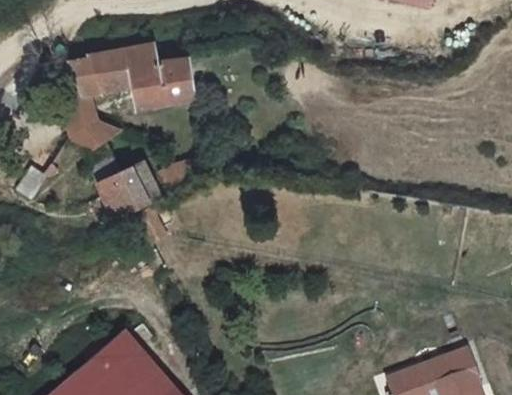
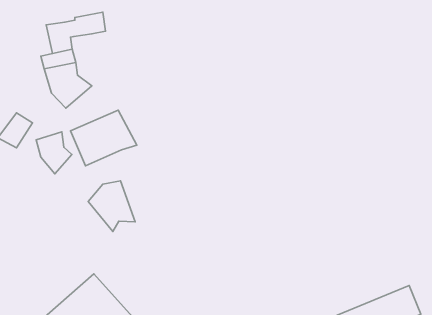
building: [128,45,193,109] -> none
building: none -> [36,132,72,174]
building: none -> [88,181,135,232]

